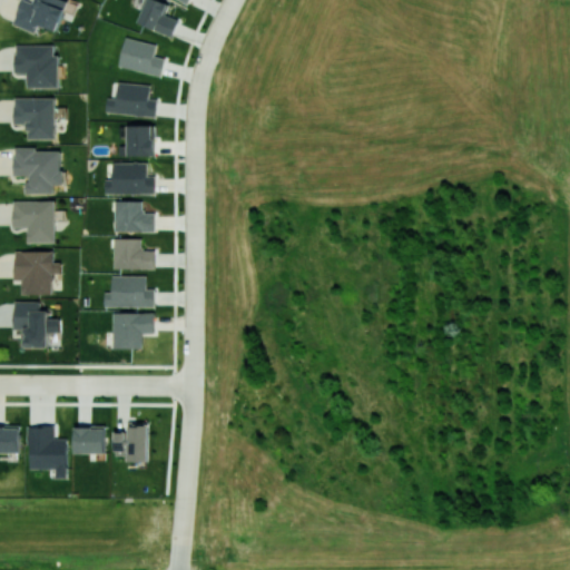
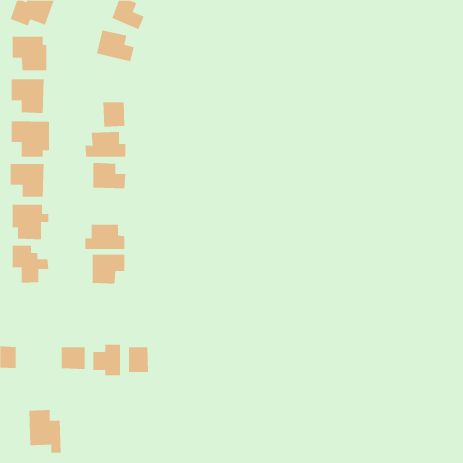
building: [105,82,157,117] -> none
building: [112,238,154,269] -> none
building: [28,425,68,479] -> [29,409,61,453]
building: none -> [128,346,149,373]

